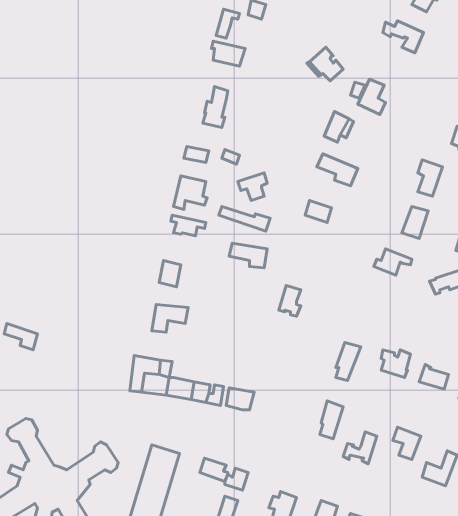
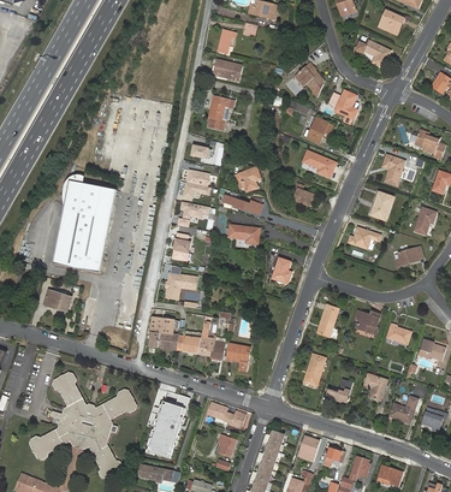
building: none -> [52,180,115,272]

